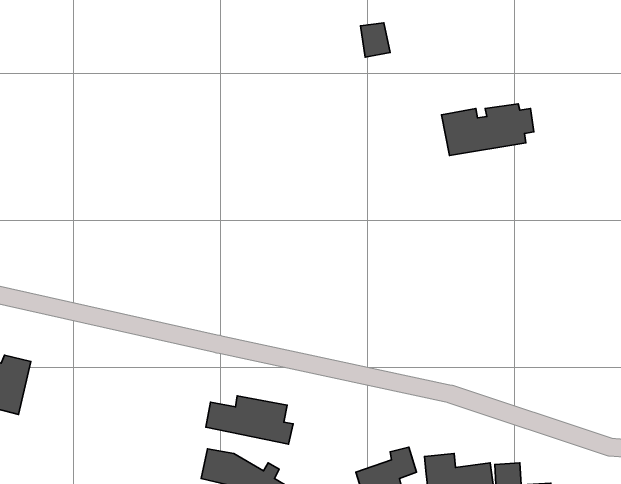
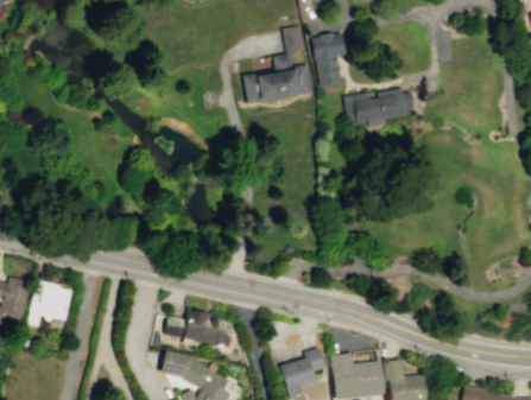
building: none -> [312,33,346,87]
building: none -> [242,53,311,103]
building: none -> [27,281,70,328]

